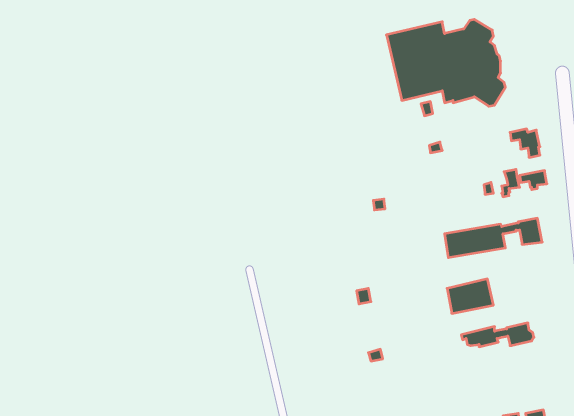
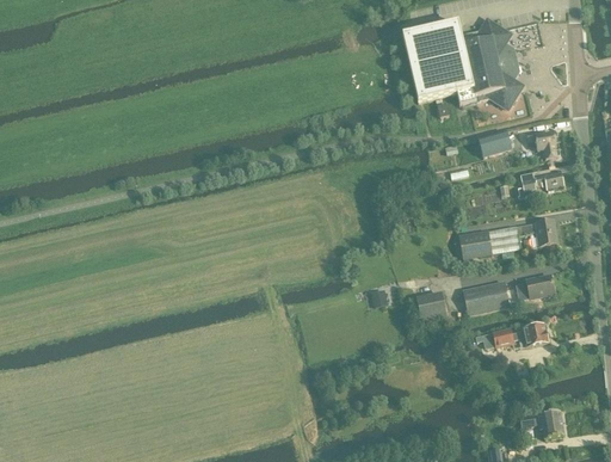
building: none -> [477,130,511,158]
building: none -> [516,275,555,301]
building: none -> [416,294,448,324]

